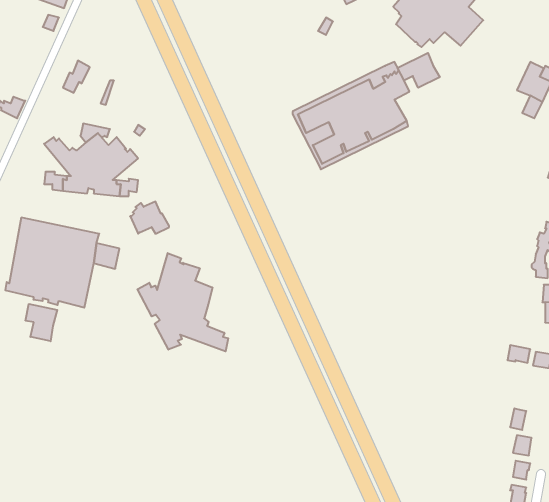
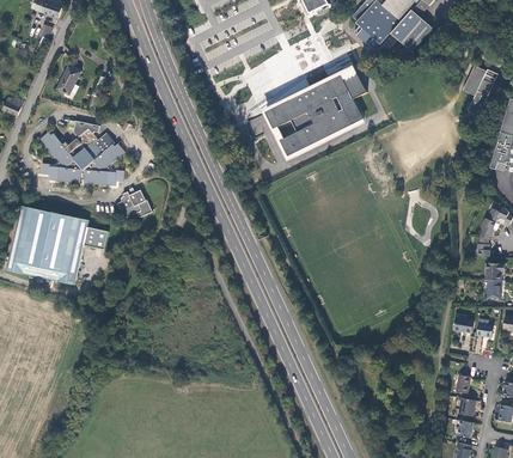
building: [398,53,440,88] -> none
building: [137,253,228,351] -> none
building: [26,304,57,341] -> none

